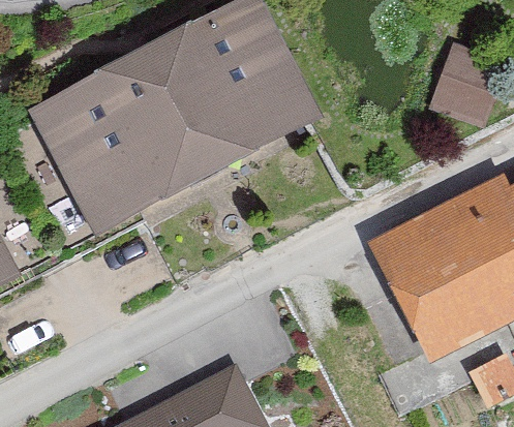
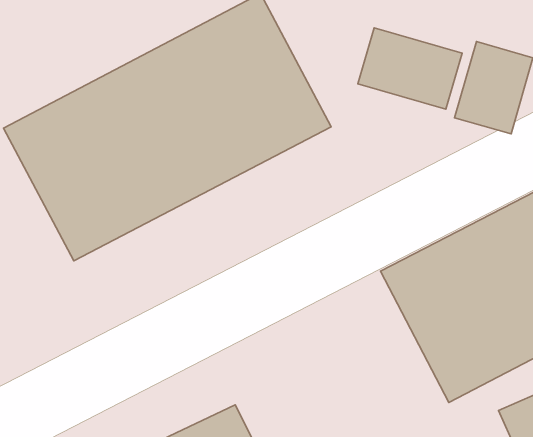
building: none -> [358,28,462,109]

